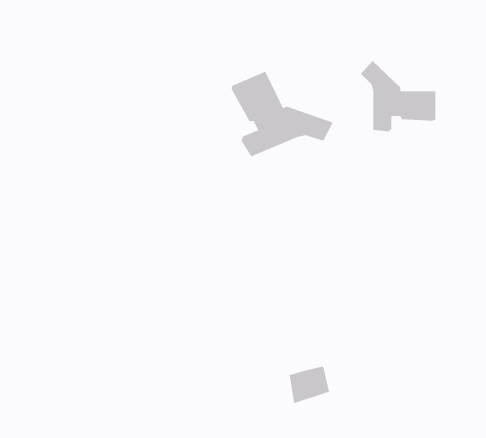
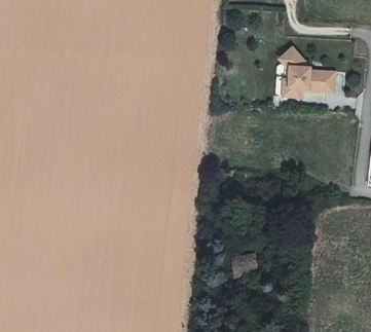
building: [231,71,334,157] -> none

